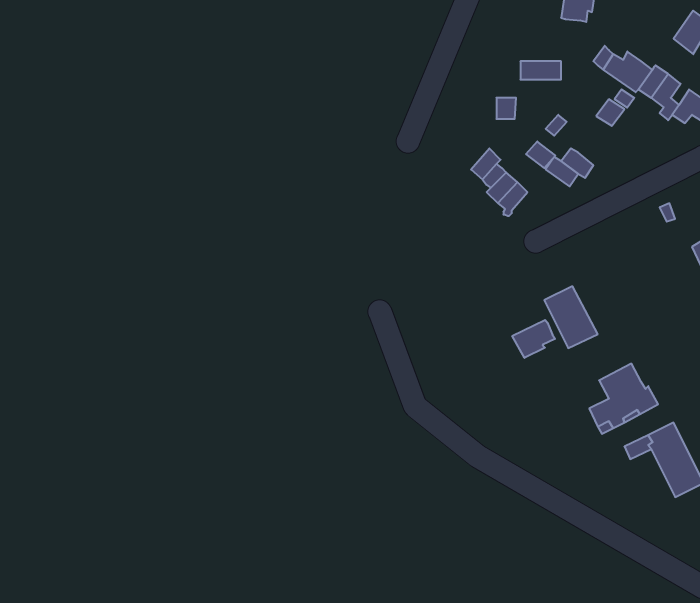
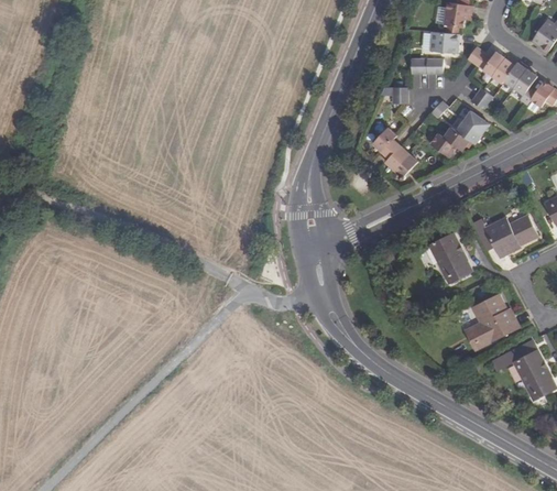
building: none -> [429,31,458,53]
building: none -> [456,110,489,144]
building: none -> [484,216,536,258]
building: [512,320,555,358] -> none

